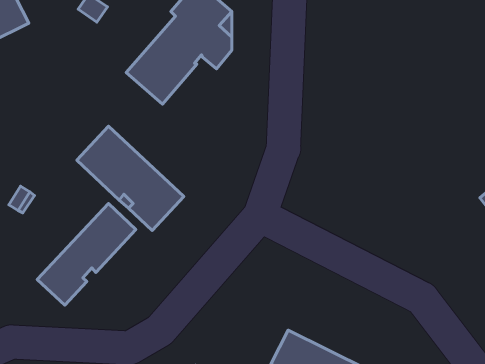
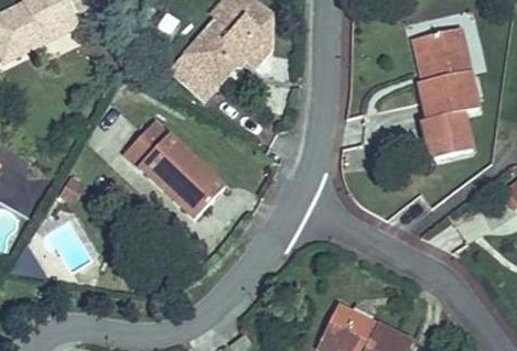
building: none -> [411,26,468,158]
building: [37,204,136,305] -> none

